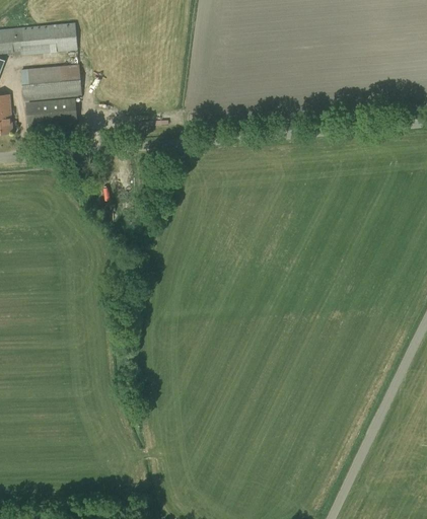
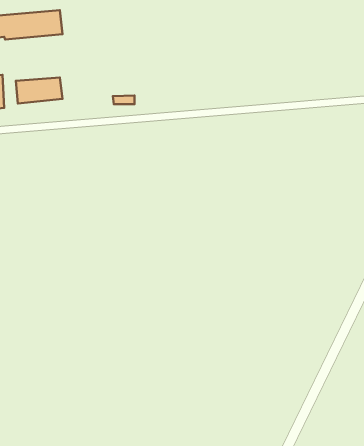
building: [20,64,82,100] -> none

